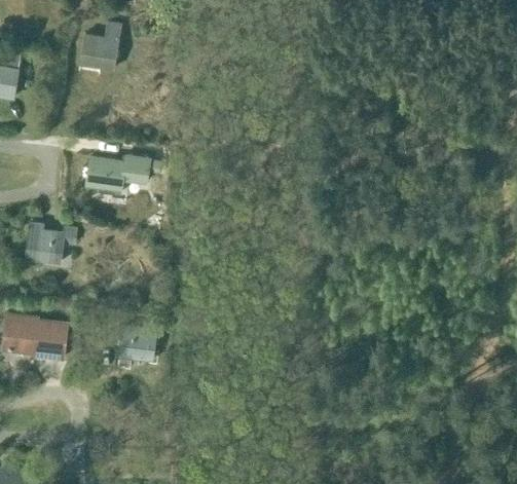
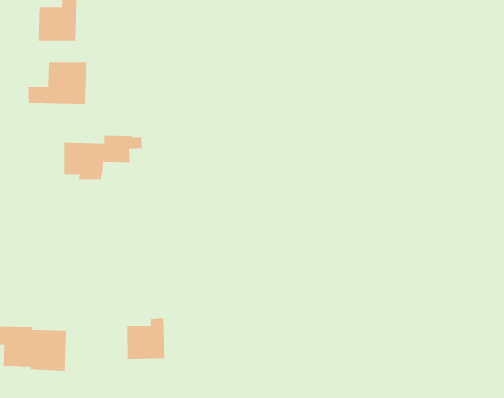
building: none -> [28,61,87,105]
building: [25,224,76,264] -> none

